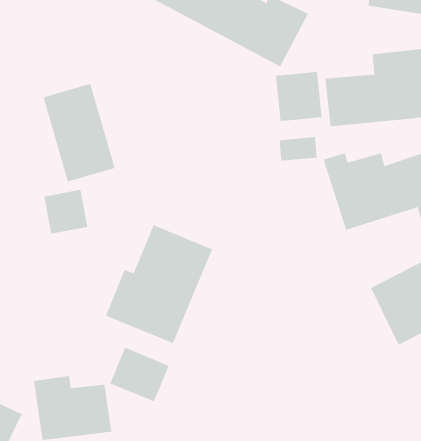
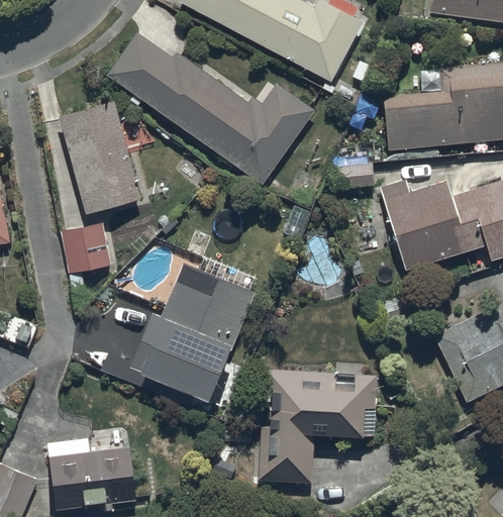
building: none -> [104,32,314,186]
building: [276,71,322,122] -> none
building: none -> [259,370,376,485]
building: [109,347,169,402] -> none

